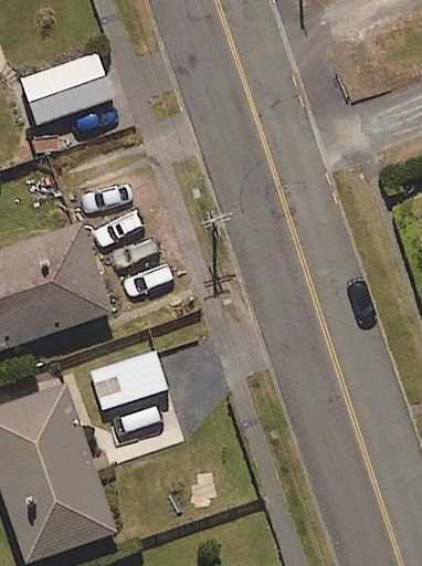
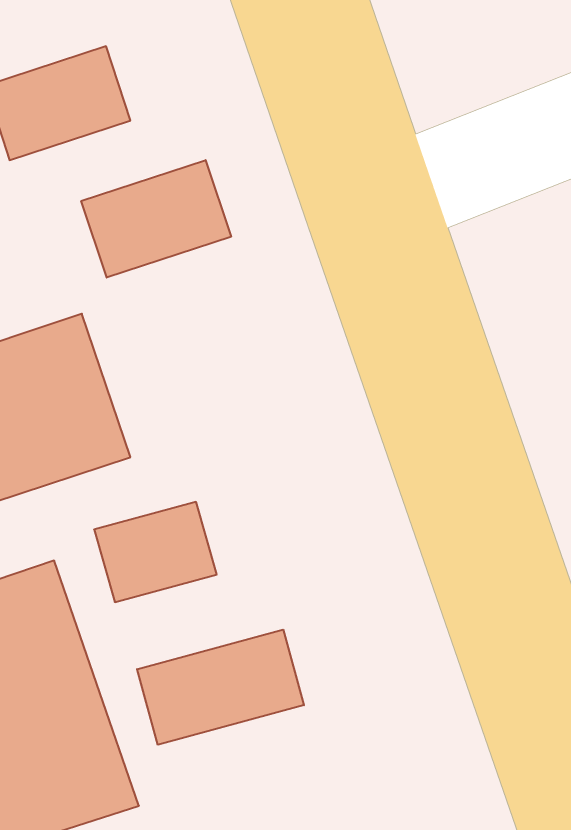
building: none -> [81,160,231,278]
building: none -> [137,630,304,745]

